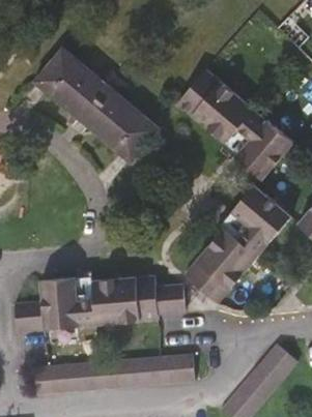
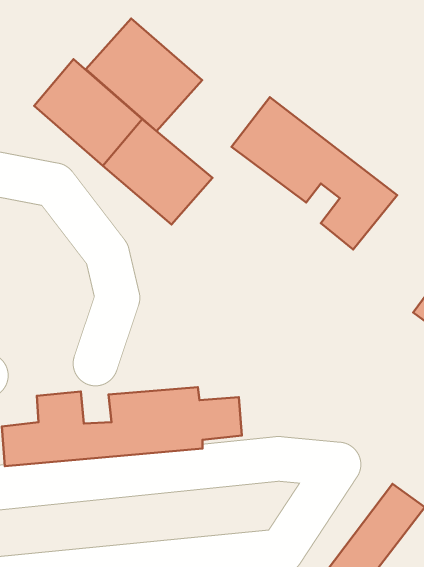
building: none -> [86,19,202,131]
building: [188,185,290,305] -> none
building: [30,353,183,395] -> none

